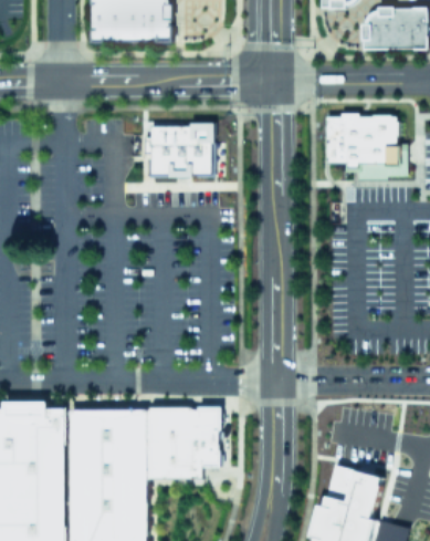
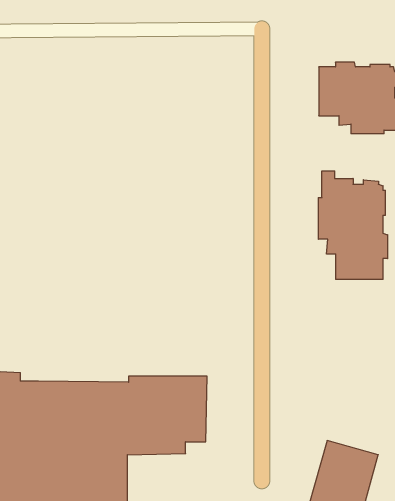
building: [147,125,210,176] -> none
building: none -> [318,171,388,279]

